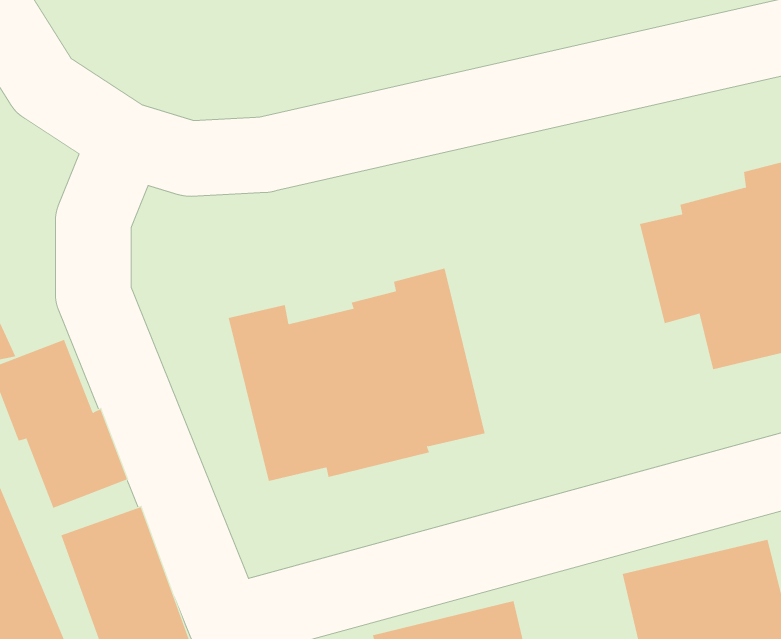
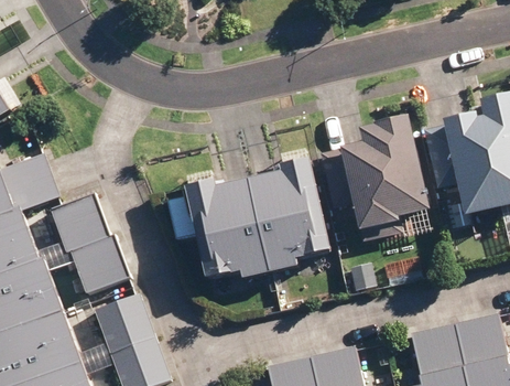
building: none -> [315,111,432,233]

